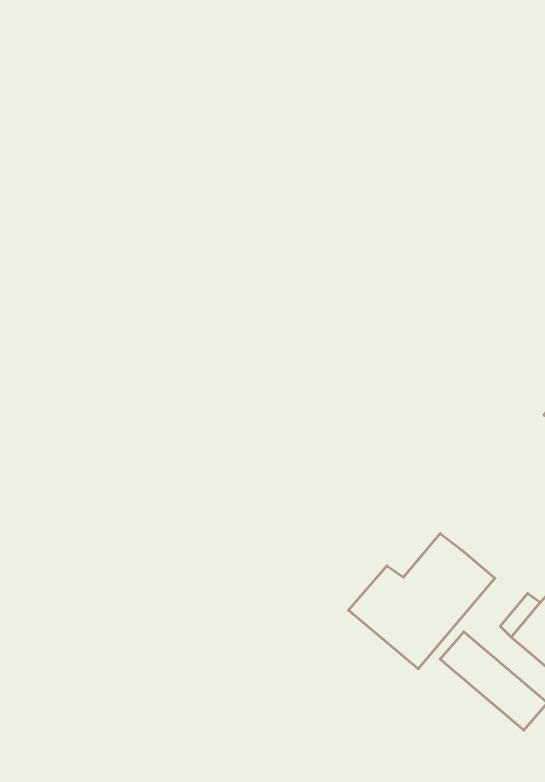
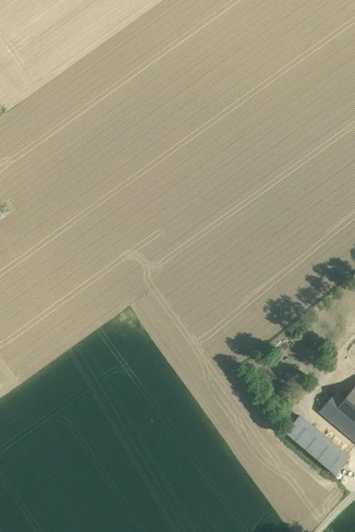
building: [348,533,495,669] -> none

